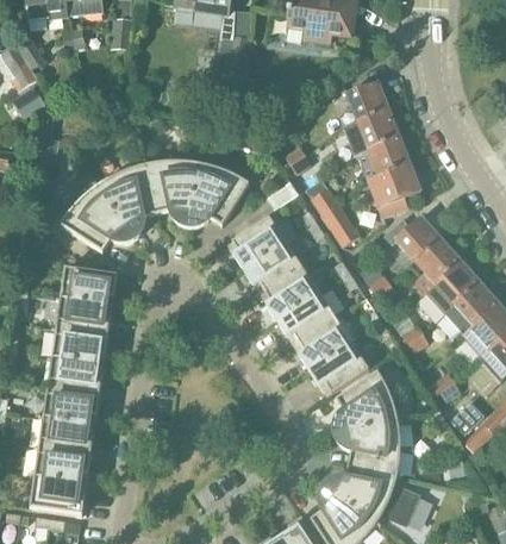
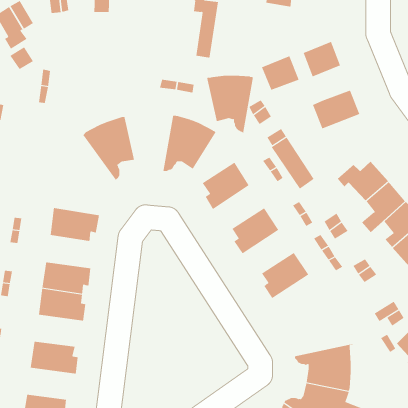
building: [356,108,399,148] -> [261,55,299,90]
building: [145,160,200,227] -> [206,73,254,133]
building: [367,163,420,217] -> none
building: [61,182,136,252] -> none
building: [244,243,302,292] -> none
building: [277,293,336,342] -> none
building: [57,299,112,336] -> none
building: [311,343,369,393] -> none
building: [335,371,402,434] -> none
building: [44,388,100,424] -> none
building: [36,448,92,483] -> none

